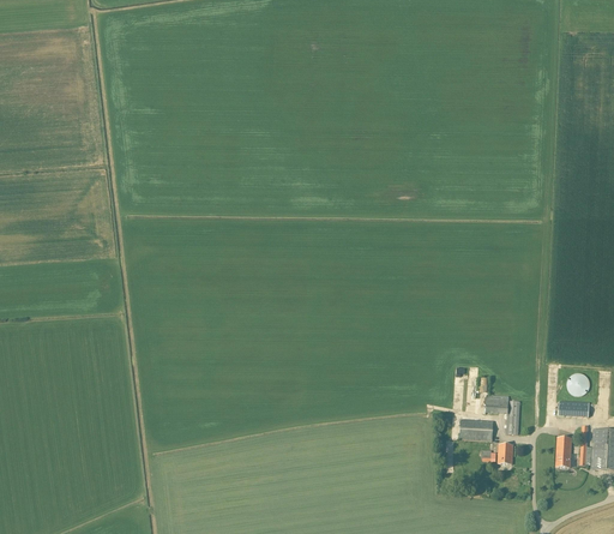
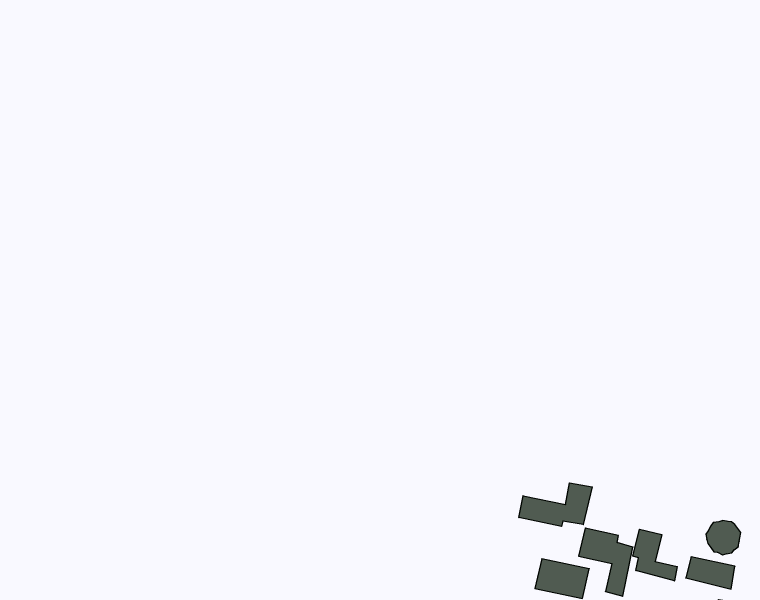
building: none -> [519,483,592,526]
building: none -> [633,529,677,581]

